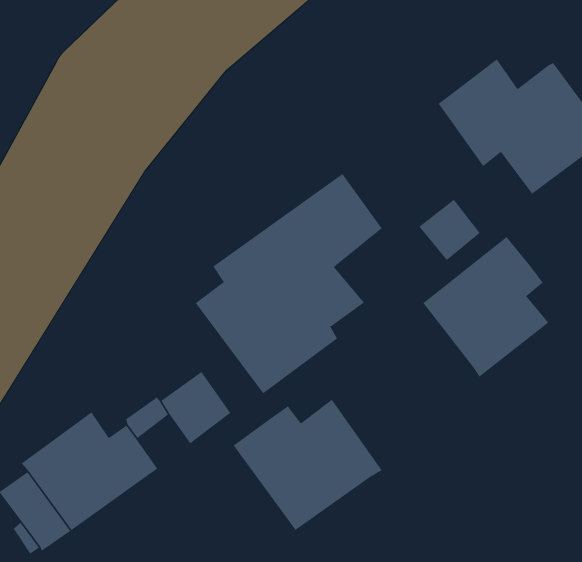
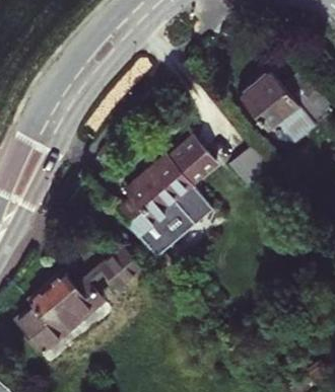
building: [422,236,549,377] -> none
building: [233,399,383,531] -> none

